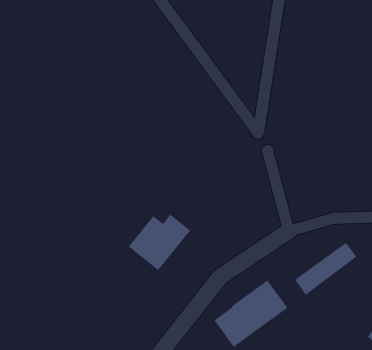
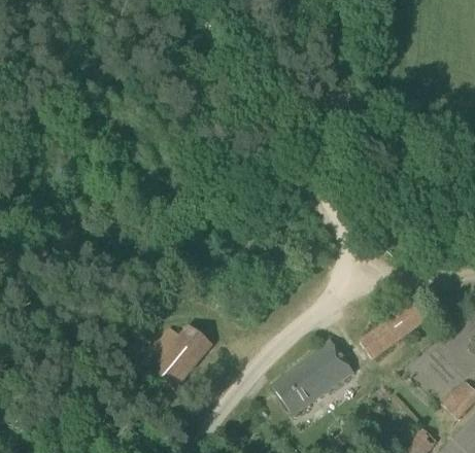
building: [128,213,191,271] -> [142,325,211,388]

